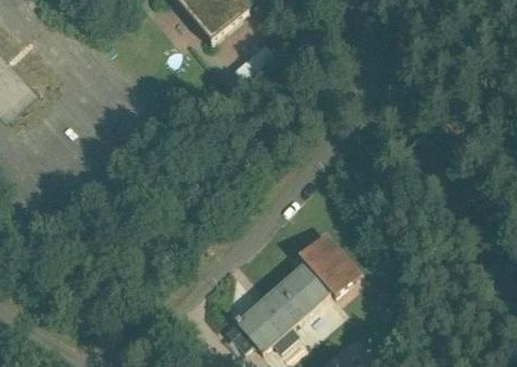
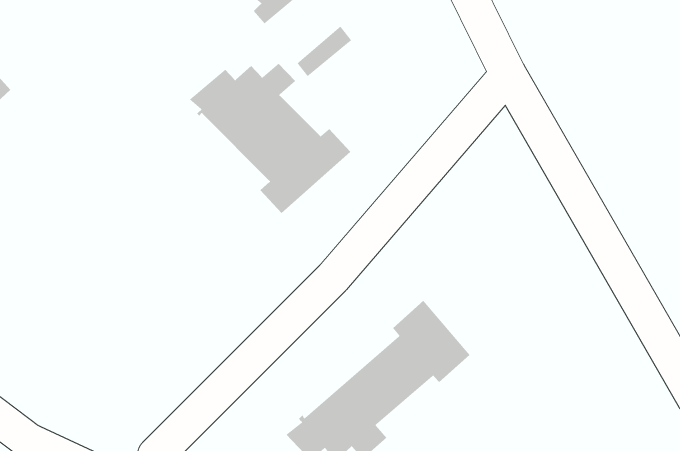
building: none -> [189,63,351,214]

